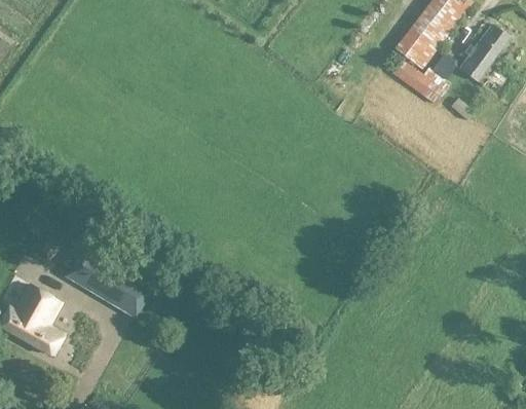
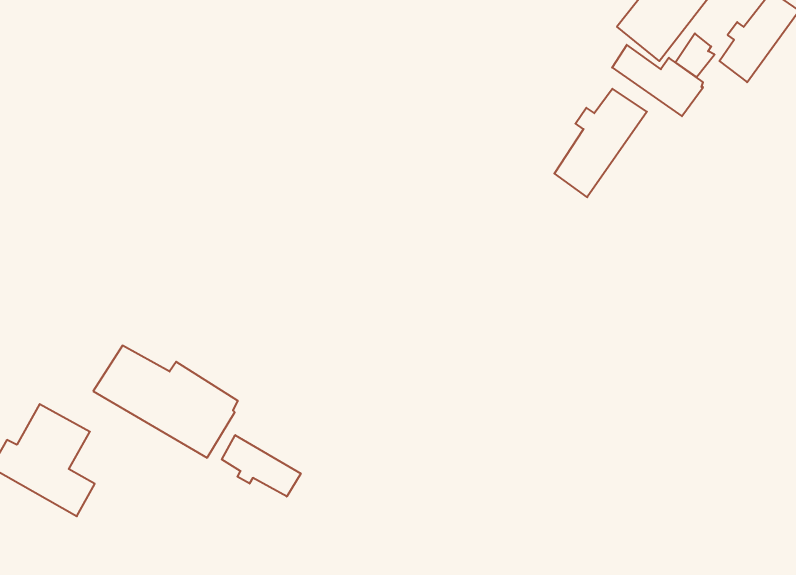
building: none -> [554,89,647,197]
building: none -> [222,435,301,497]

